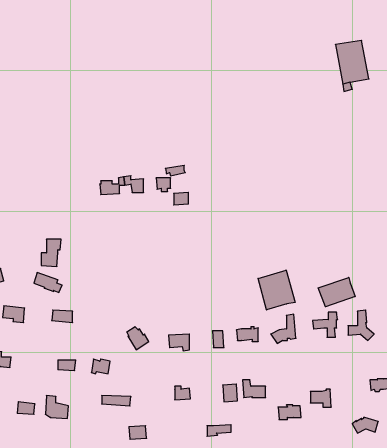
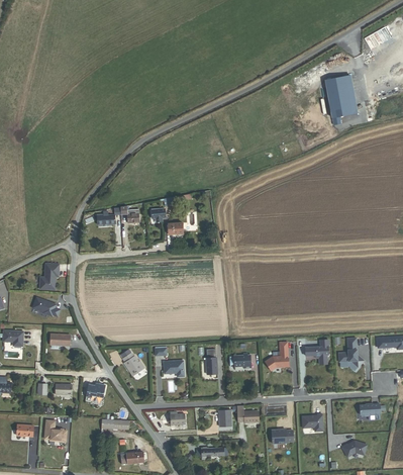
building: [258,270,295,310] -> none
building: [318,277,355,307] -> none

